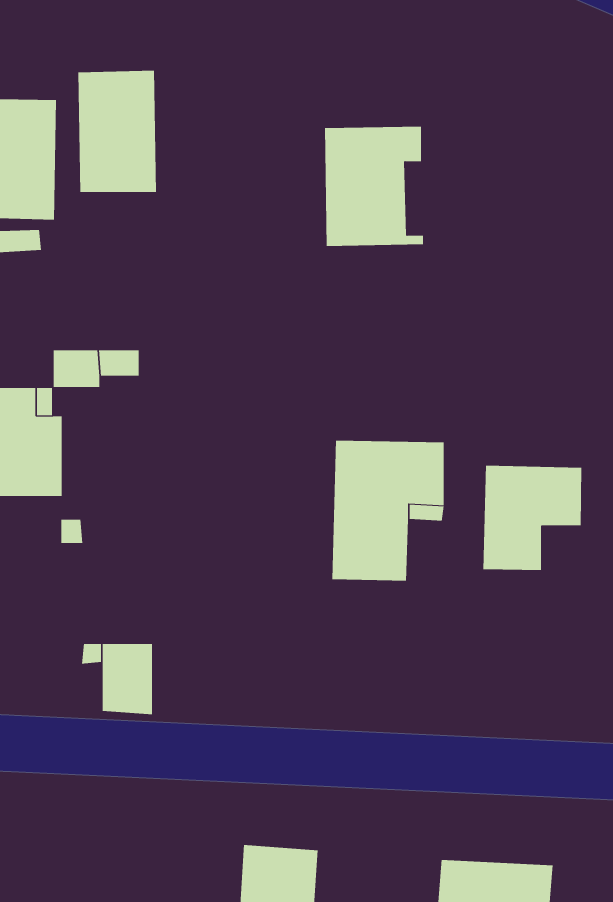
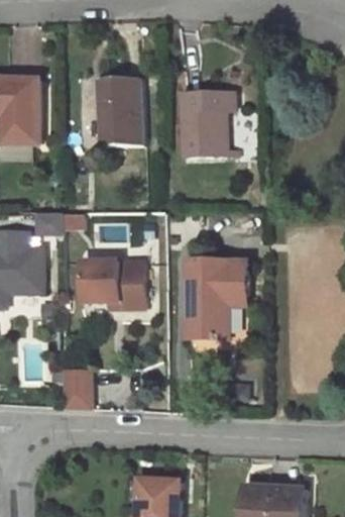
building: [78,70,157,192] -> [98,79,140,144]
building: none -> [82,261,143,307]
building: [483,465,582,571] -> none

